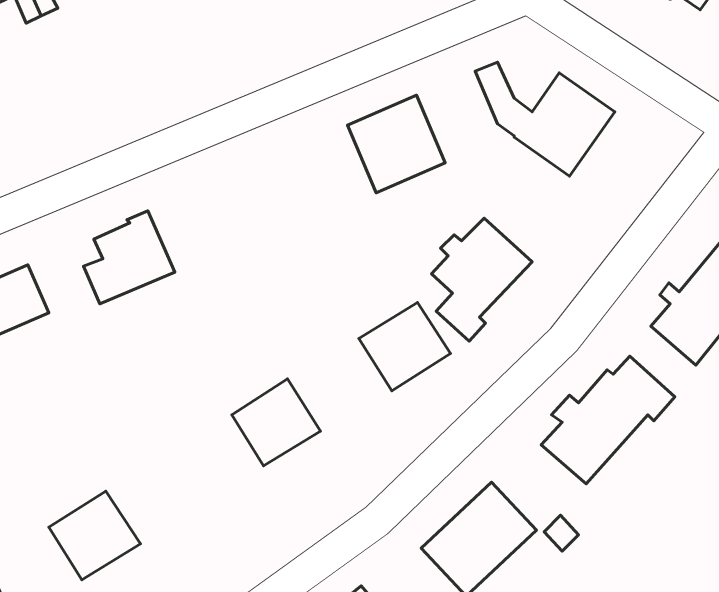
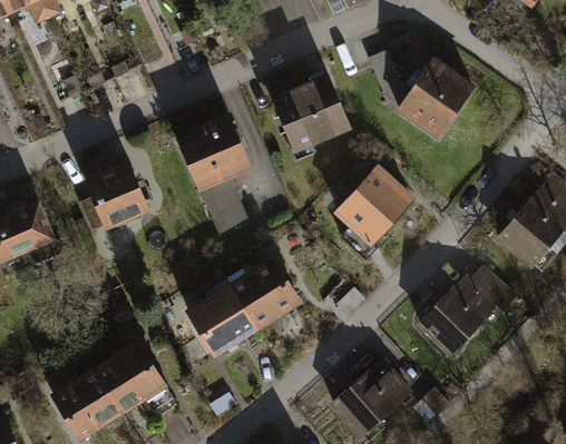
building: none -> [179,117,248,231]
building: [359,302,450,391] -> [231,258,299,324]
building: none -> [96,342,177,420]

